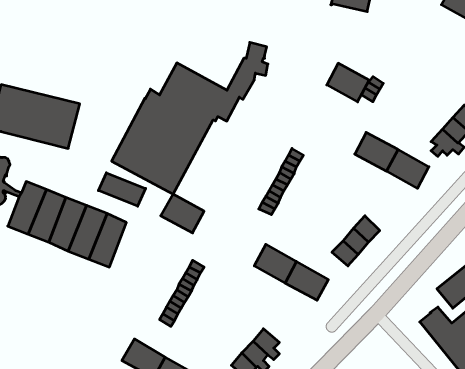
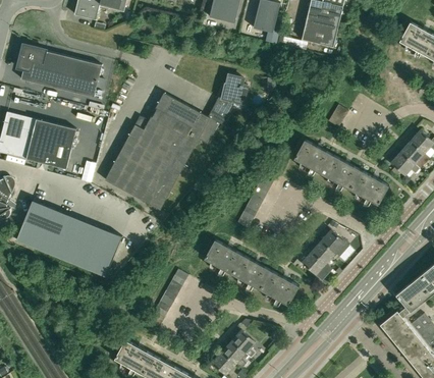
building: none -> [17,44,102,98]
building: [327,63,369,102] -> [294,140,332,174]
building: [98,173,146,206] -> none
building: [161,194,204,233] -> [204,239,242,274]

